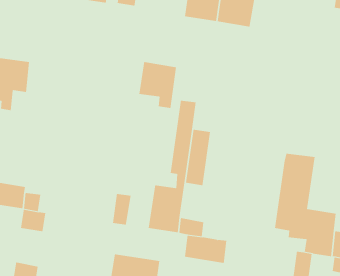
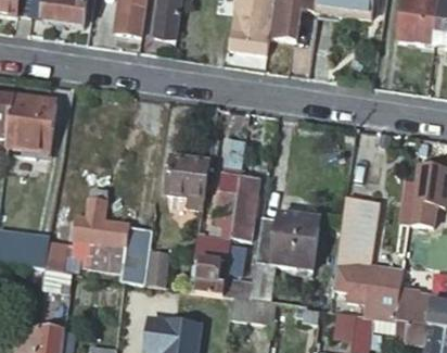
building: [139,61,177,108] -> [164,155,207,209]
building: none -> [71,187,154,281]
building: none -> [256,211,319,267]

